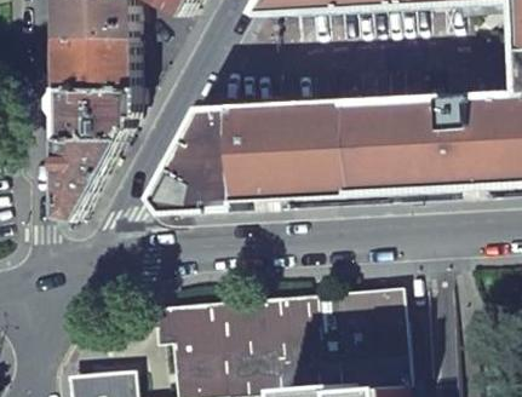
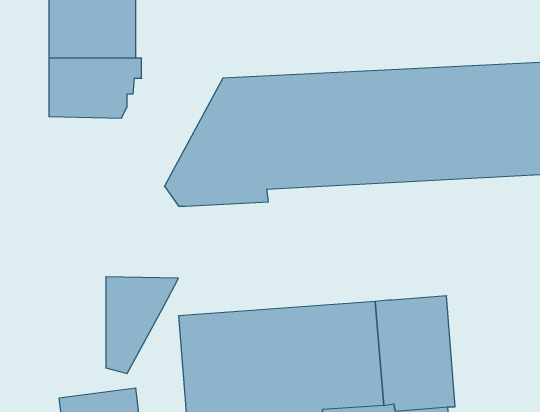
building: [50,139,111,221] -> [106,277,178,374]

